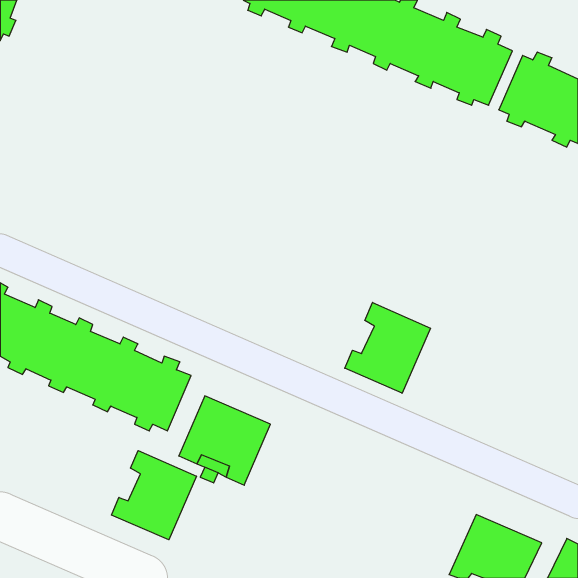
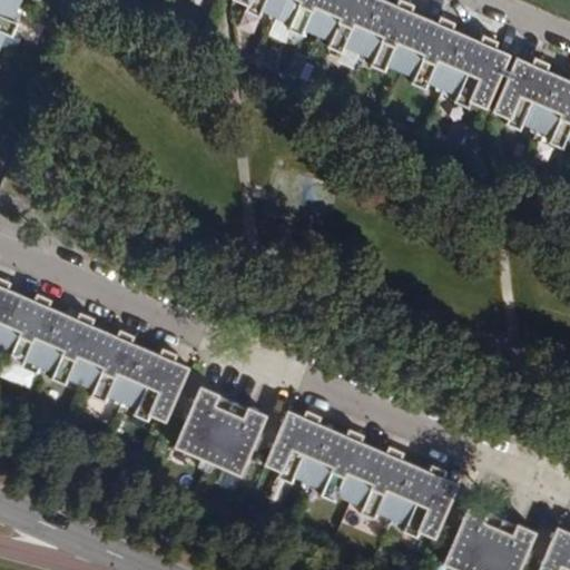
building: [345,302,431,393] -> none
building: none -> [266,413,456,541]
building: [111,451,196,540] -> none

